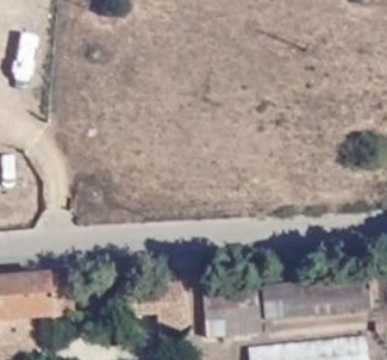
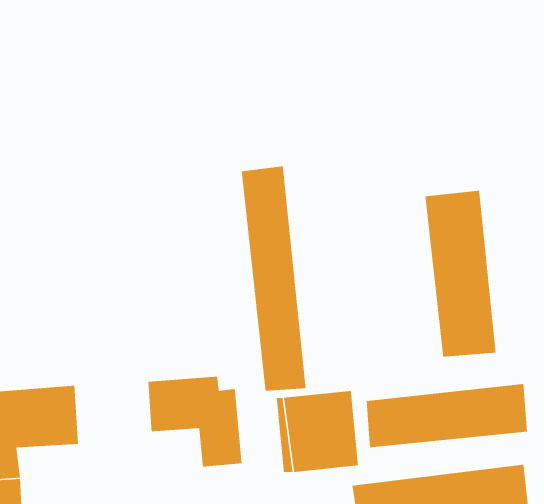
building: none -> [241,165,307,392]
building: none -> [424,190,496,357]

